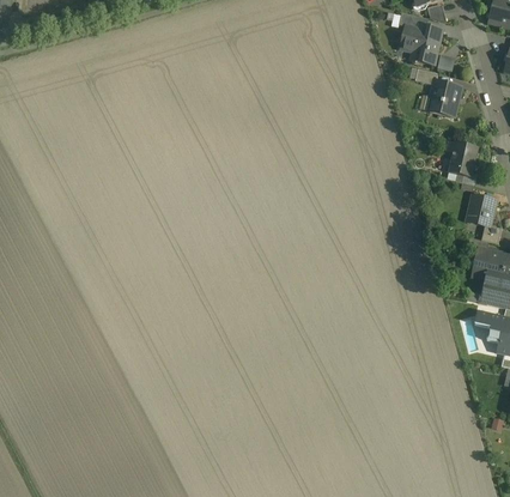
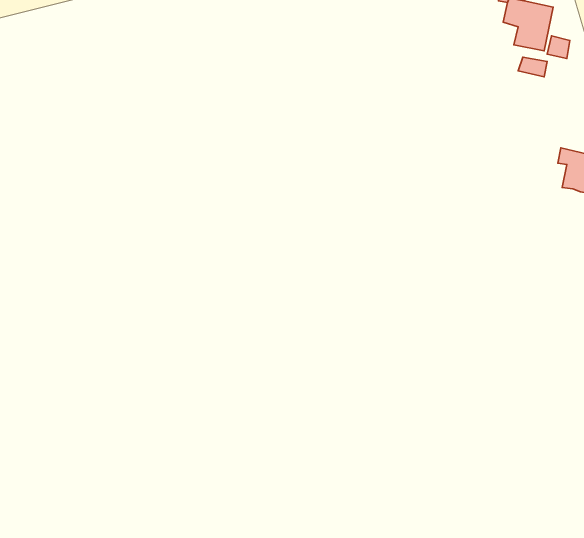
building: [427,81,460,116] -> none

